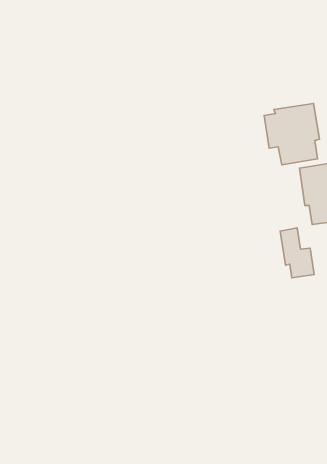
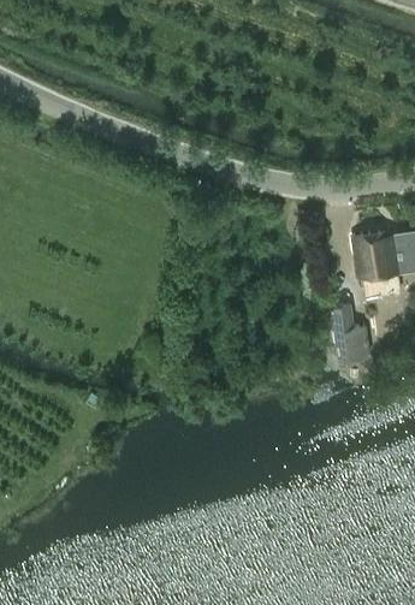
building: [264,104,320,165] -> none

